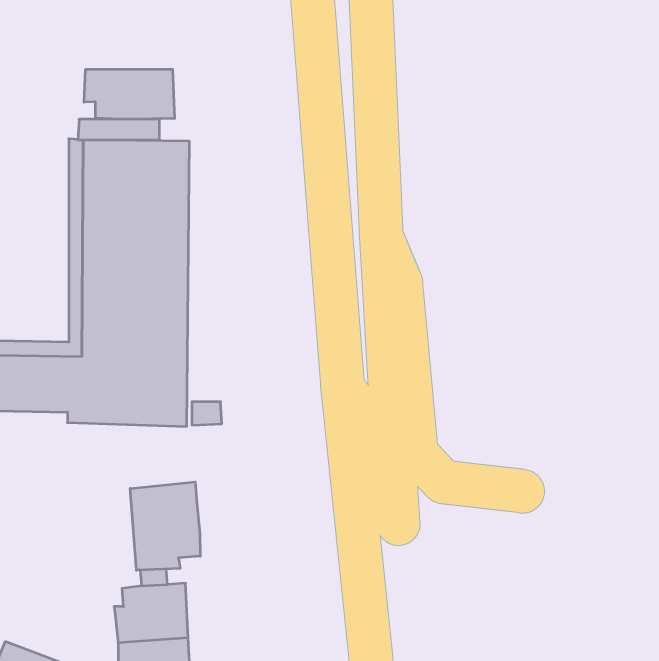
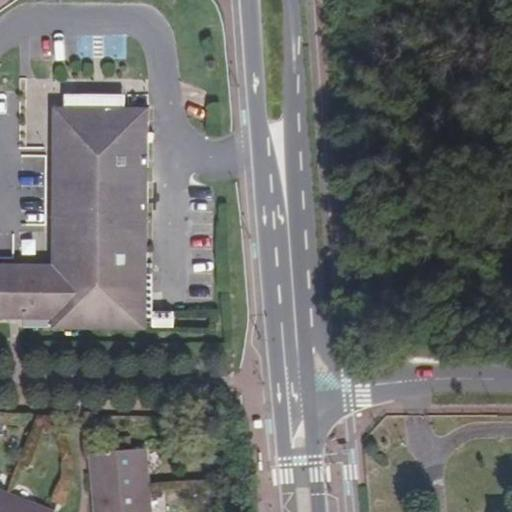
building: [84,69,174,119] -> none
building: [130,482,200,570] -> none

